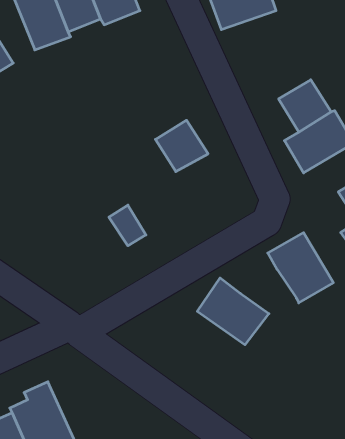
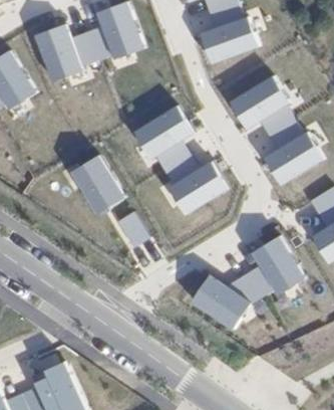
building: none -> [230,75,288,129]
building: none -> [133,106,193,158]
building: none -> [70,156,122,214]
building: none -> [170,160,228,212]
building: none -> [226,265,273,302]

